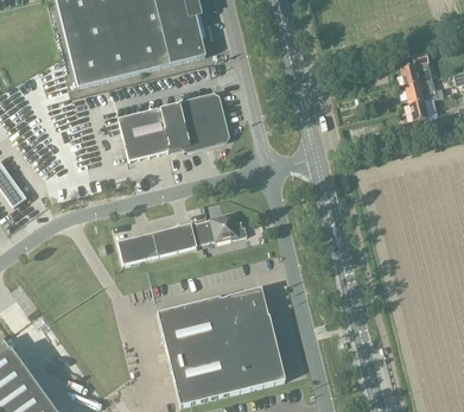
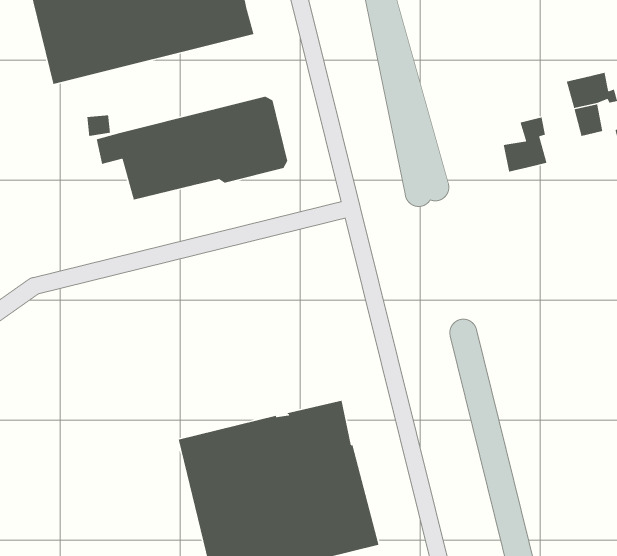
building: [401,49,430,84] -> [503,116,548,172]
building: [117,211,248,264] -> none

